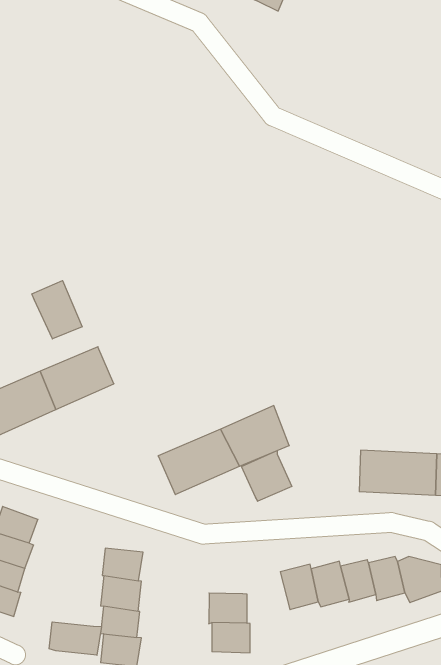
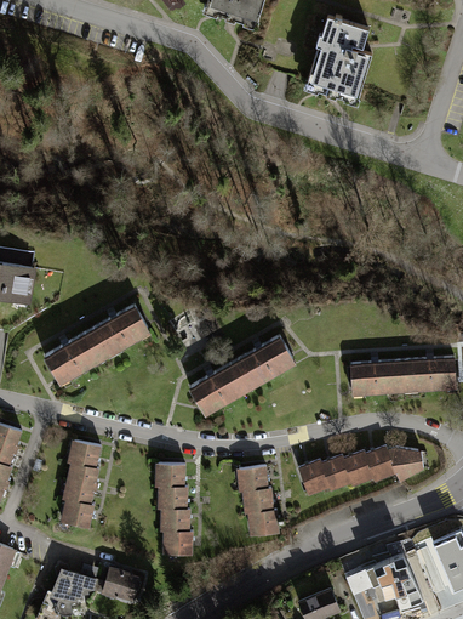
building: none -> [305,15,373,96]
building: [32,281,82,339] -> none
building: [241,451,292,501] -> none
building: none -> [238,465,269,490]
building: [49,622,101,655] -> none

